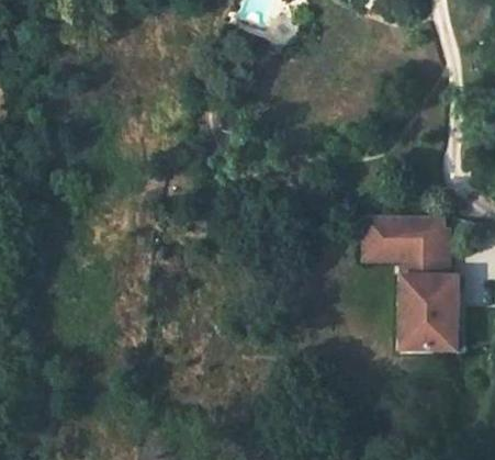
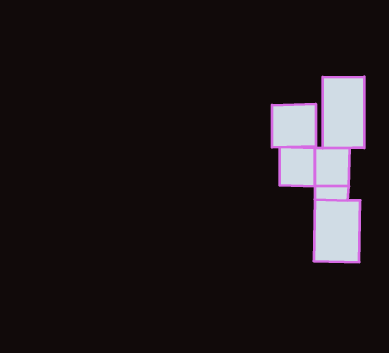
building: none -> [323,77,364,148]
building: none -> [272,104,316,147]

